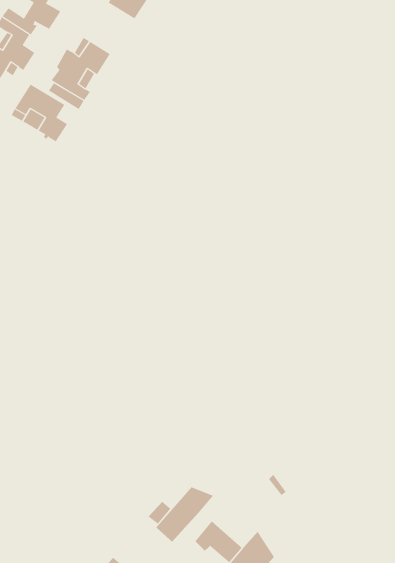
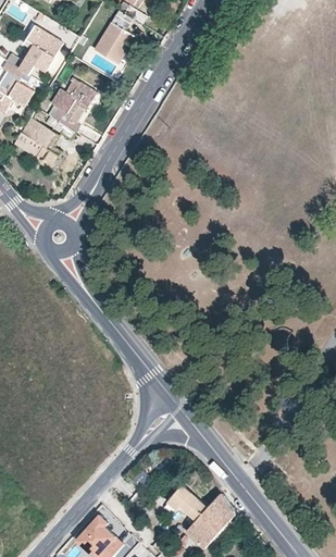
building: [156,486,214,543] -> none

